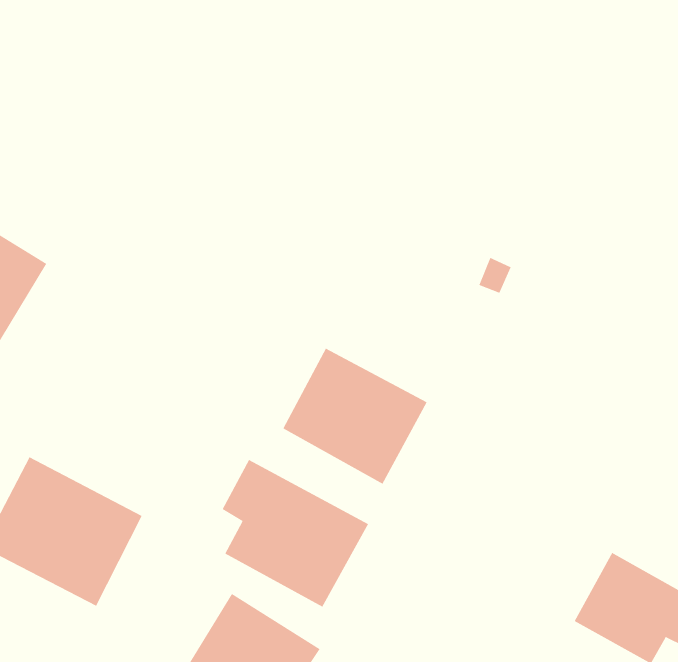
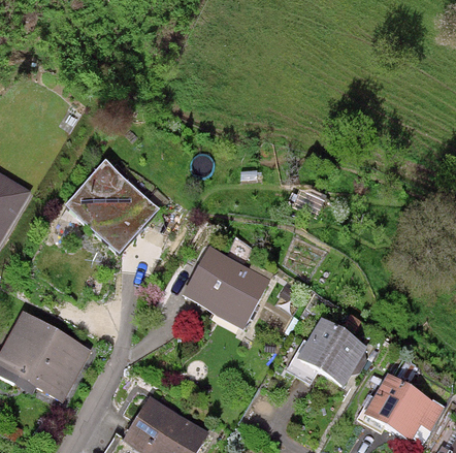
building: none -> [57,169,152,262]
building: [222,459,369,607] -> none
building: none -> [283,318,365,386]

